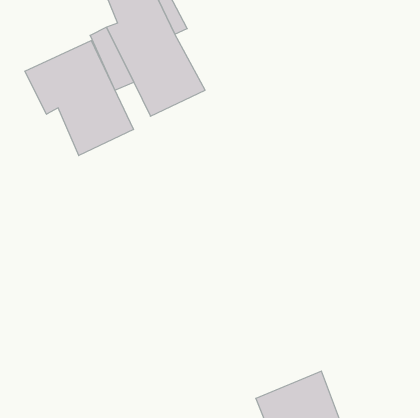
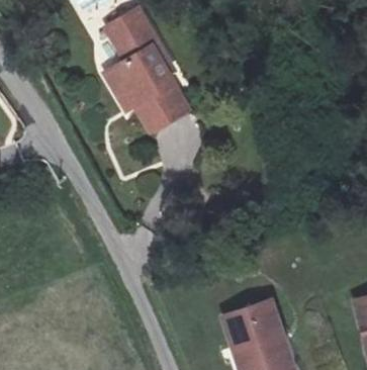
building: [25,41,133,156] -> none

